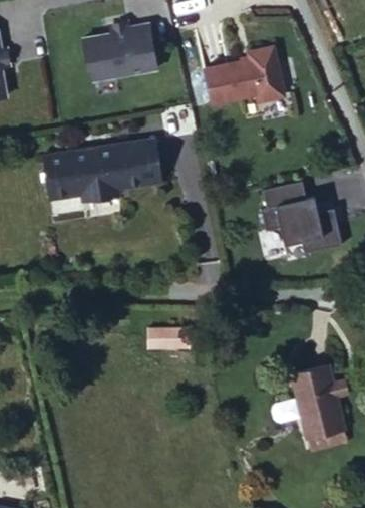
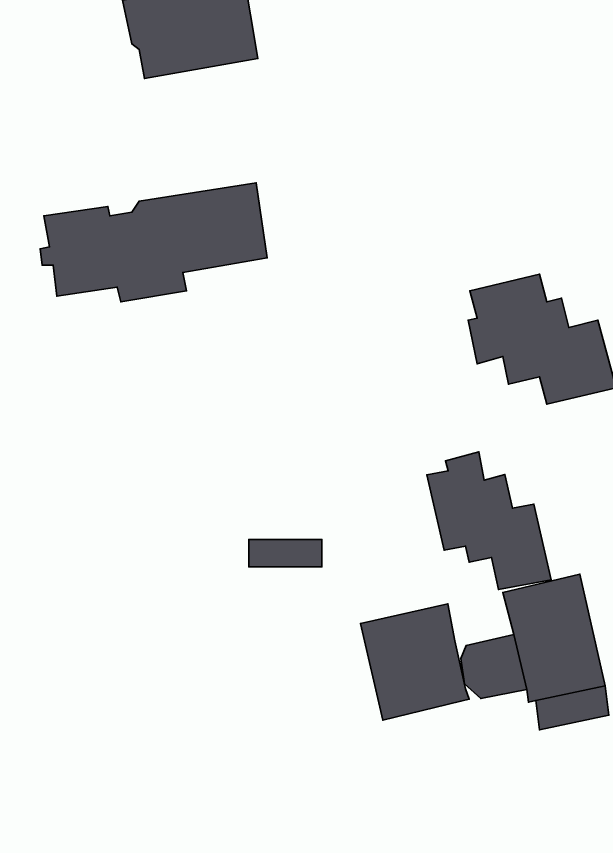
building: [203,43,281,101] -> none
building: none -> [427,452,551,589]
building: none -> [361,604,469,720]

